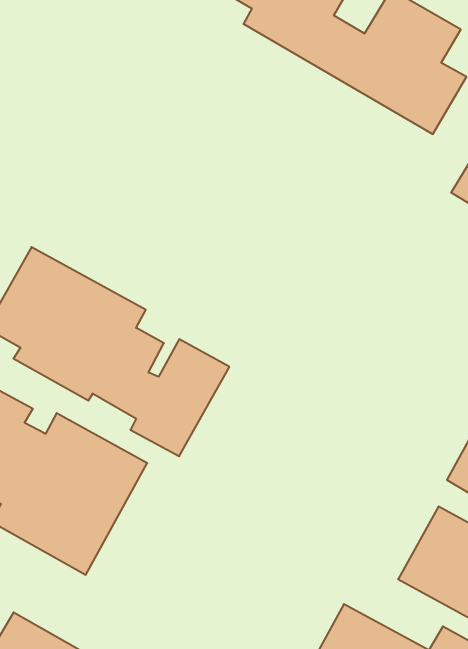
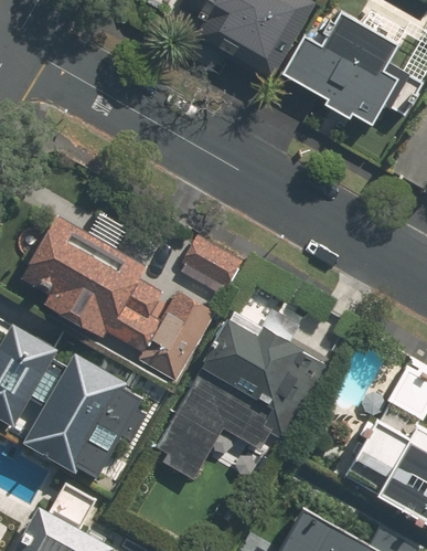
building: none -> [178,240,238,294]
building: none -> [152,312,325,483]

